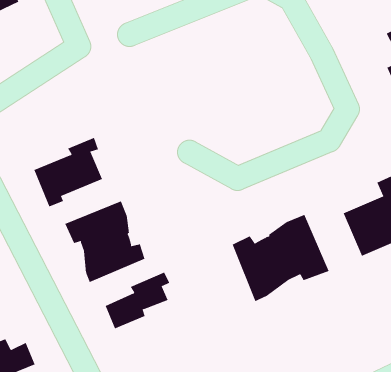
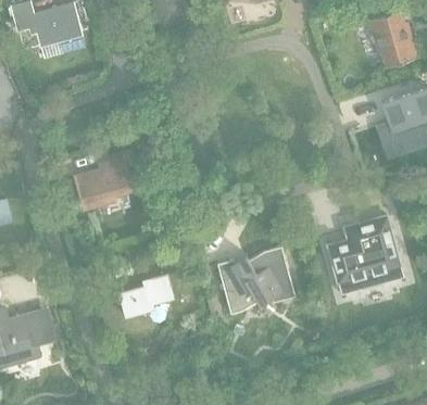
building: [64,200,145,283] -> none

